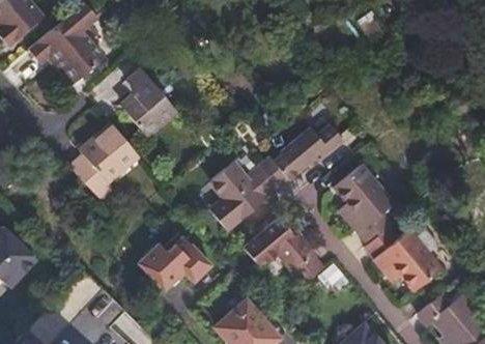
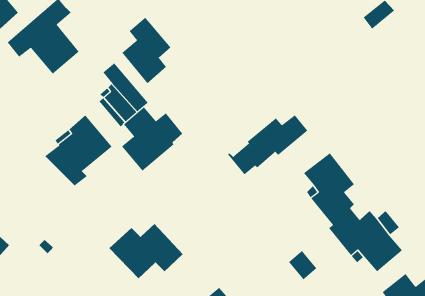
building: none -> [122,17,171,84]
building: [211,160,276,227] -> [121,107,183,172]
building: [249,219,324,293] -> none

